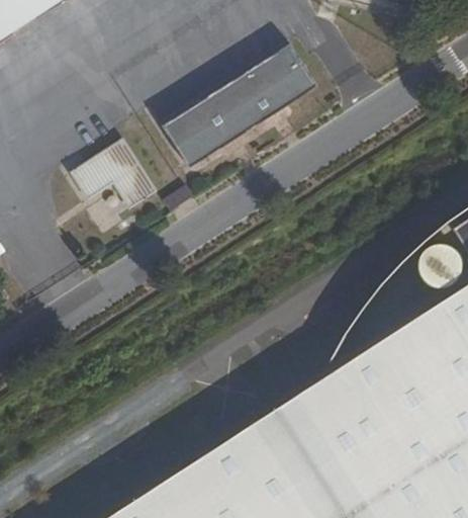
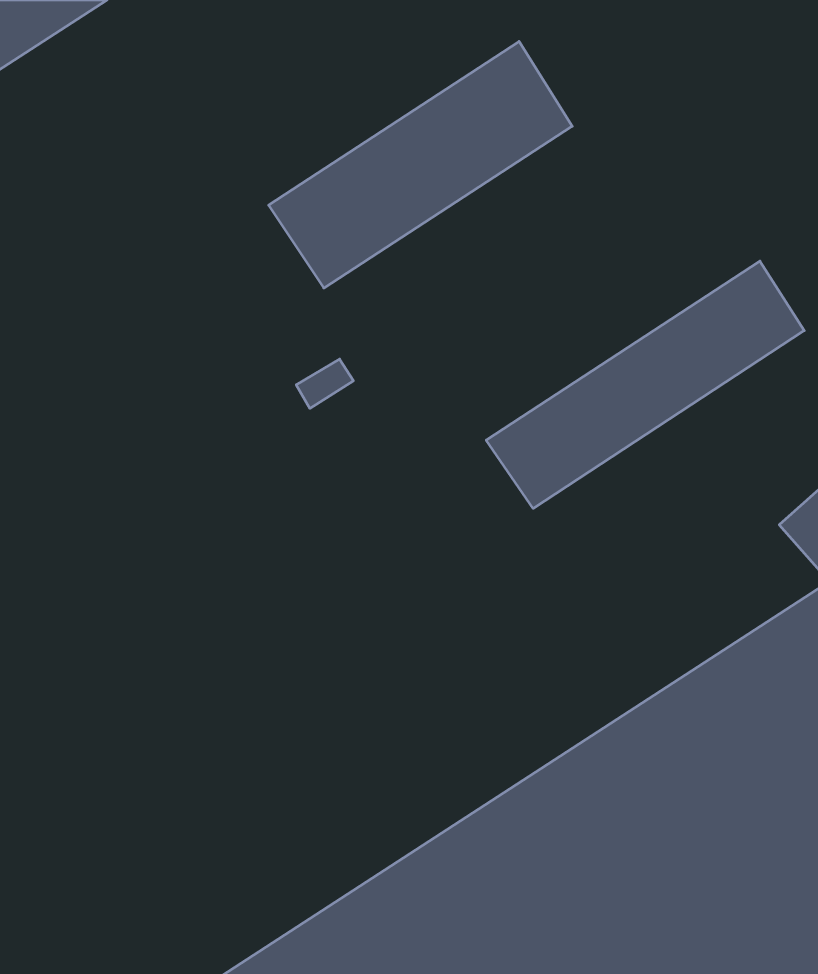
building: none -> [486,261,804,508]
building: [79,142,154,206] -> none

